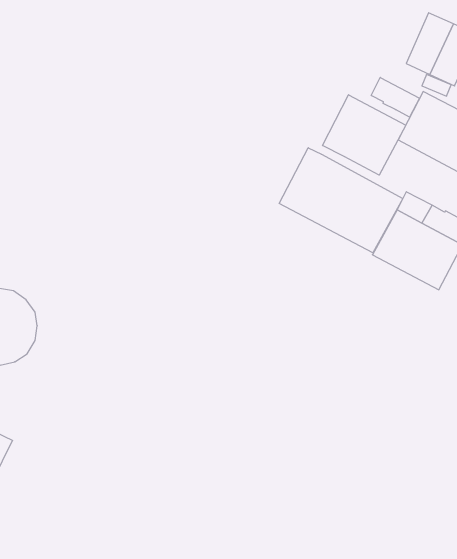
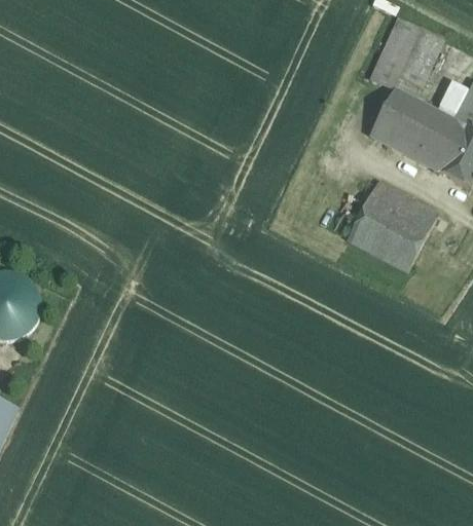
building: [371,77,420,117] -> none
building: [323,95,406,175] -> none
building: [279,148,403,253] -> none

